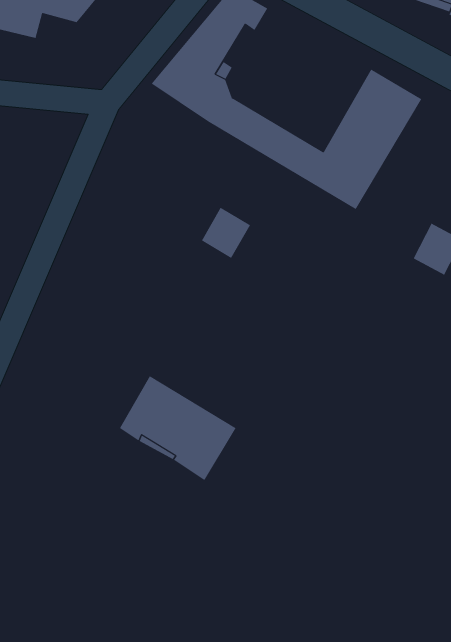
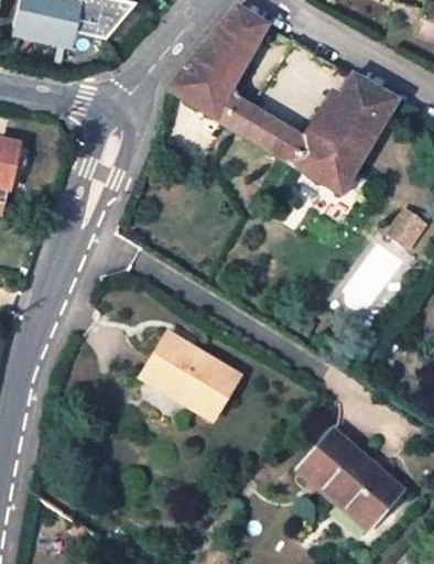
building: [201,207,251,259] -> none
building: none -> [297,429,402,530]

